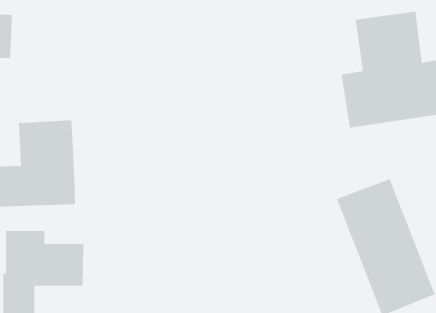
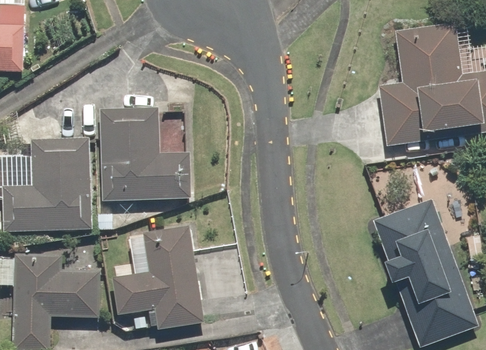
building: none -> [99,107,190,198]
building: none -> [111,227,202,325]

